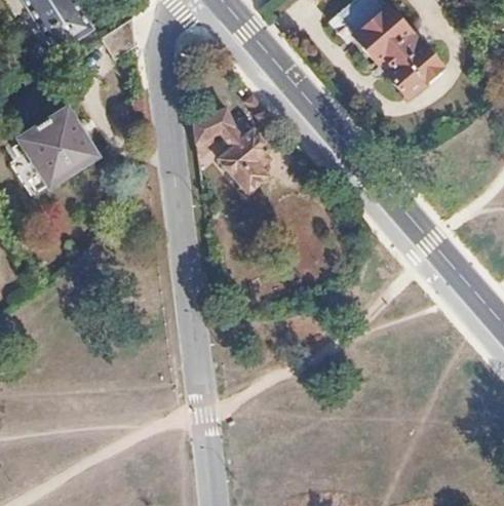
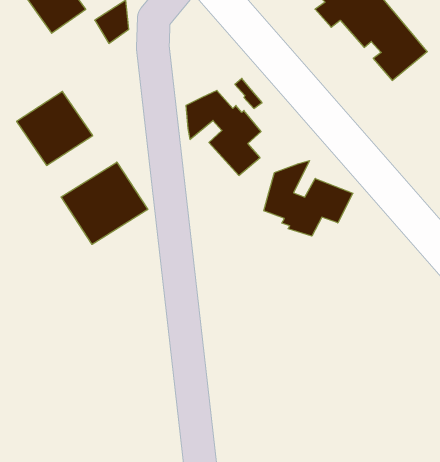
building: none -> [264,161,353,236]
building: none -> [61,162,148,244]

